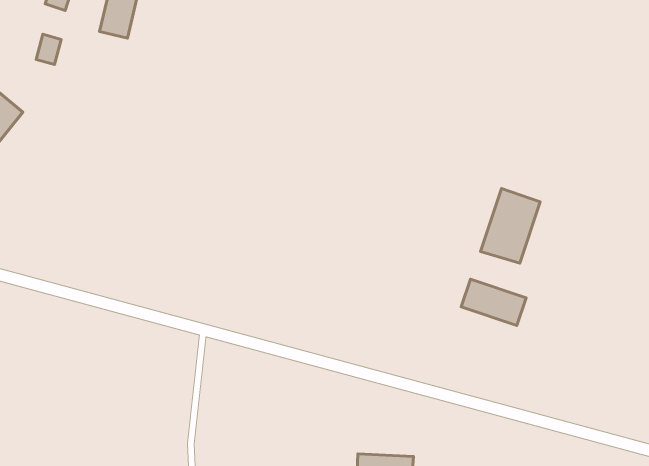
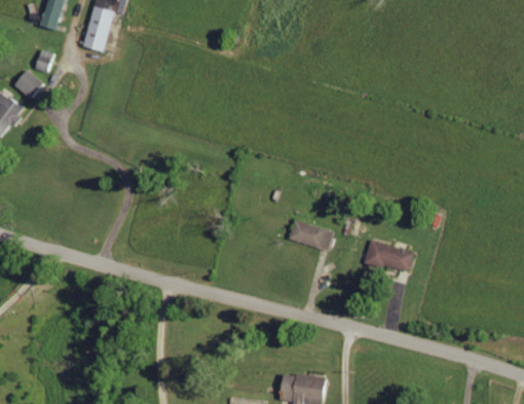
building: none -> [12,68,42,98]
building: [481,188,540,263] -> none
building: none -> [288,219,333,250]

